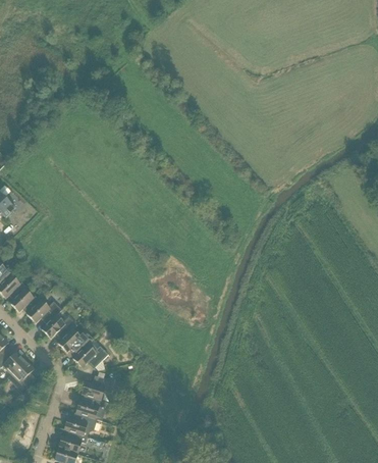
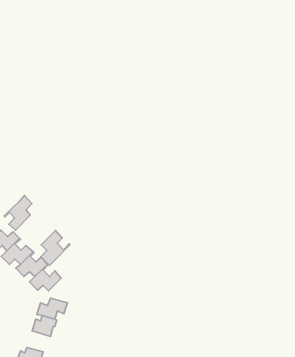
building: none -> [4,196,32,230]
building: none -> [41,230,70,265]
building: [62,412,96,434] -> none

